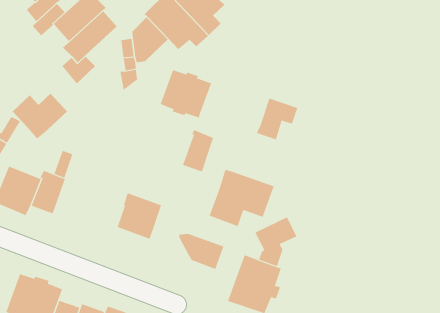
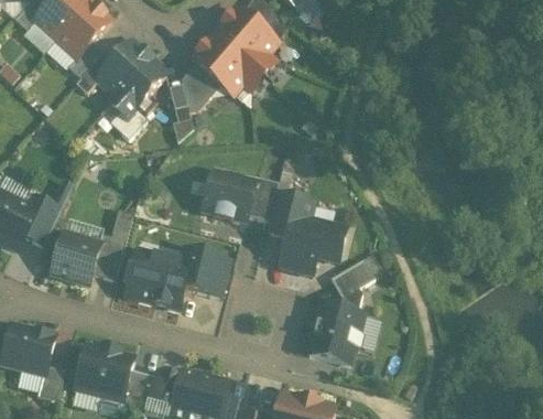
building: [160,70,212,118] -> [203,171,256,219]
building: [12,93,68,140] -> none
building: [256,98,298,140] -> [265,191,307,235]
building: none -> [126,248,189,307]
building: [178,233,224,270] -> none

